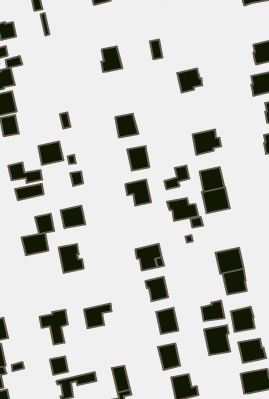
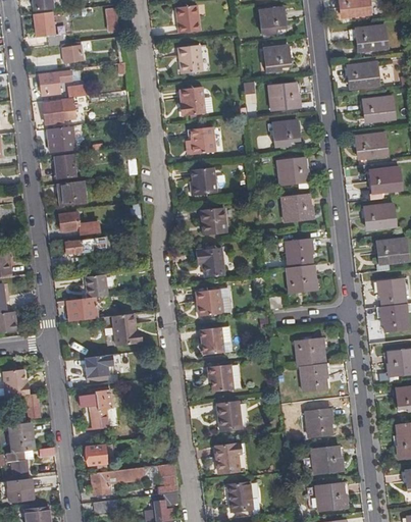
building: none -> [263,46,291,72]
building: none -> [348,60,379,88]
building: none -> [179,43,203,71]
building: none -> [268,84,300,111]
building: none -> [186,125,216,153]
building: none -> [279,158,309,185]
building: [38,142,64,165] -> [57,180,86,206]
building: [165,165,189,189] -> none
building: [167,198,198,221] -> [194,286,229,312]
building: [61,206,85,228] -> none
building: [201,300,224,321] -> none
building: [84,304,112,328] -> [85,355,117,381]
building: [204,325,230,355] -> none

